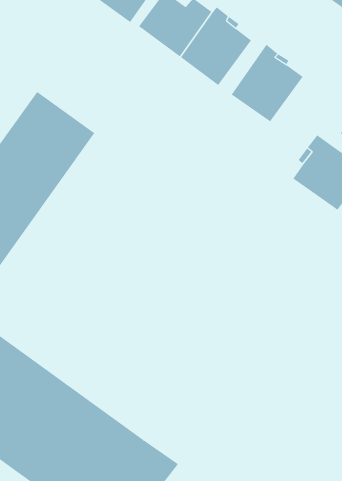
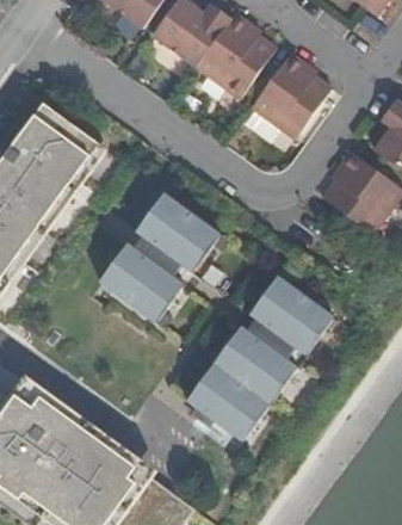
building: none -> [100,191,219,321]
building: none -> [187,273,334,439]

